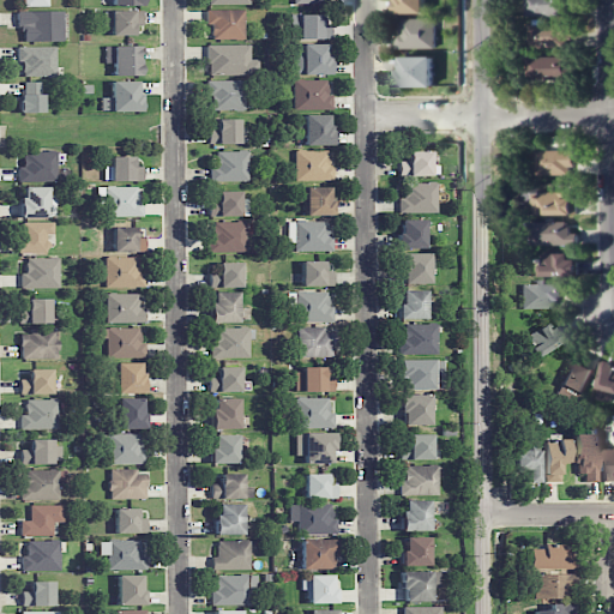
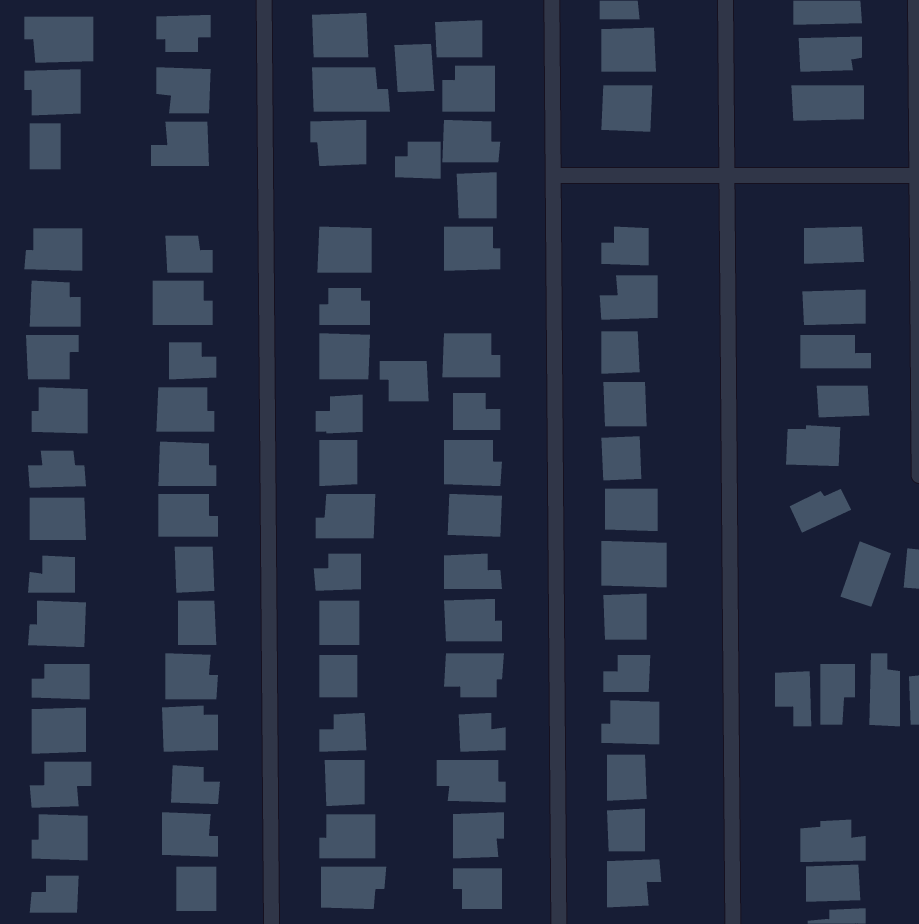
building: none -> [394,43,435,93]
building: [211,119,242,144] -> [394,141,441,179]
building: [301,187,335,215] -> [379,360,429,402]

